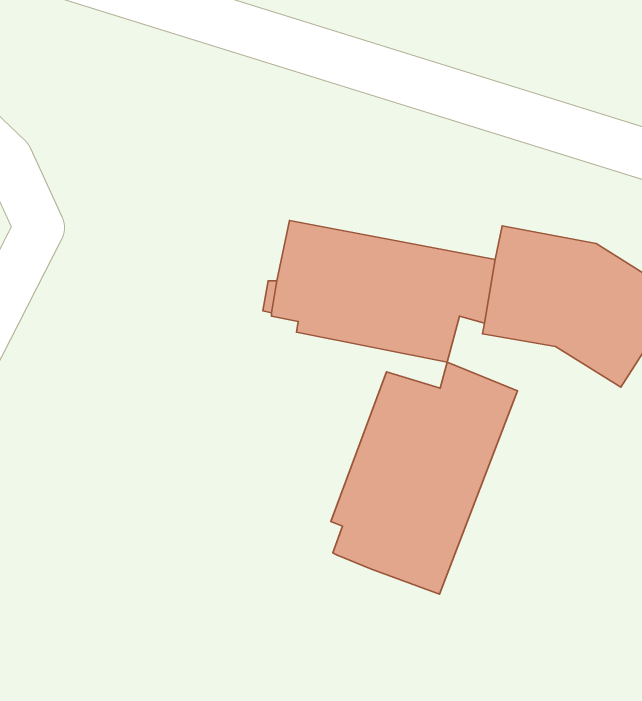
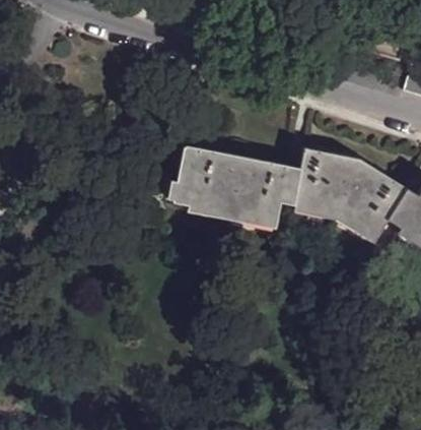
building: [331,362,518,594] -> none

